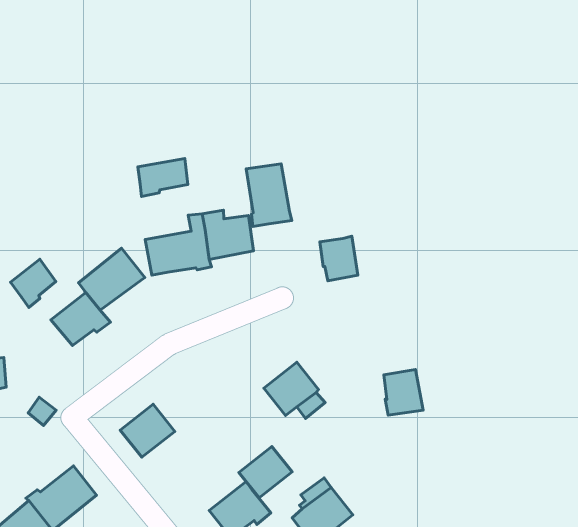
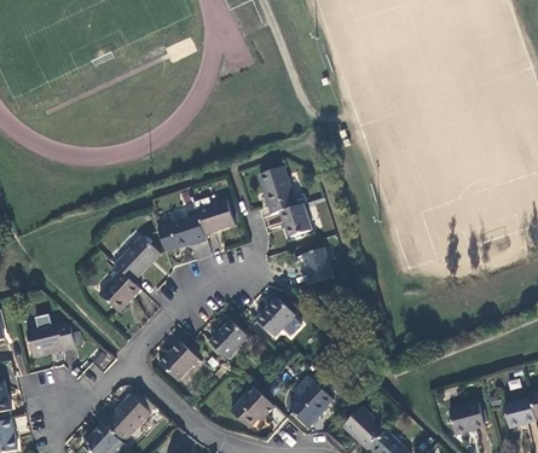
building: [138,159,188,196] -> none
building: [246,164,292,227] -> [259,167,296,214]
building: [10,259,56,307] -> none
building: [384,369,423,415] -> [302,248,334,283]
building: [239,446,292,498] -> [210,320,248,358]

